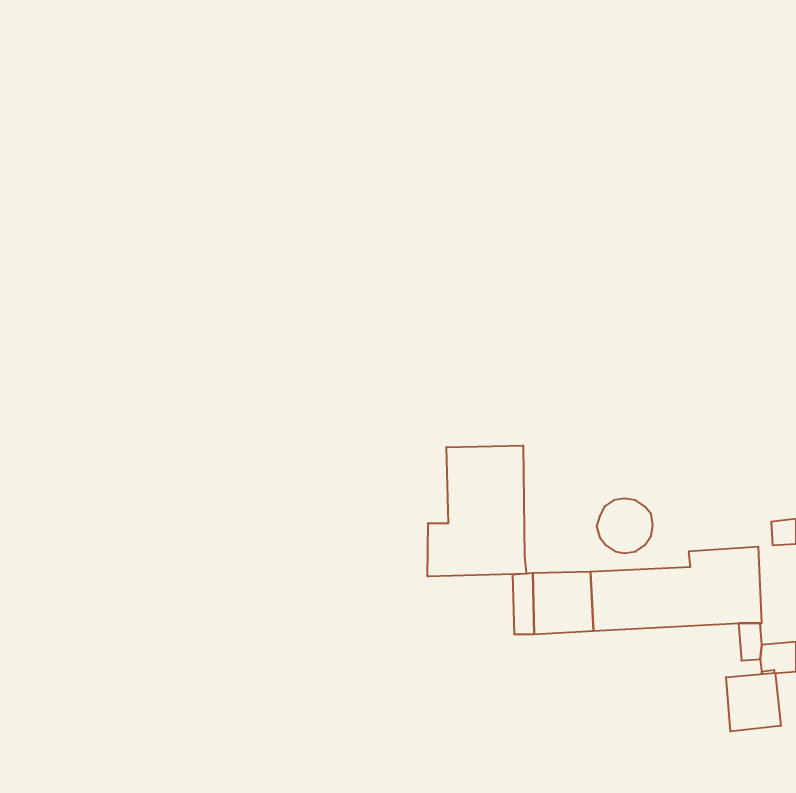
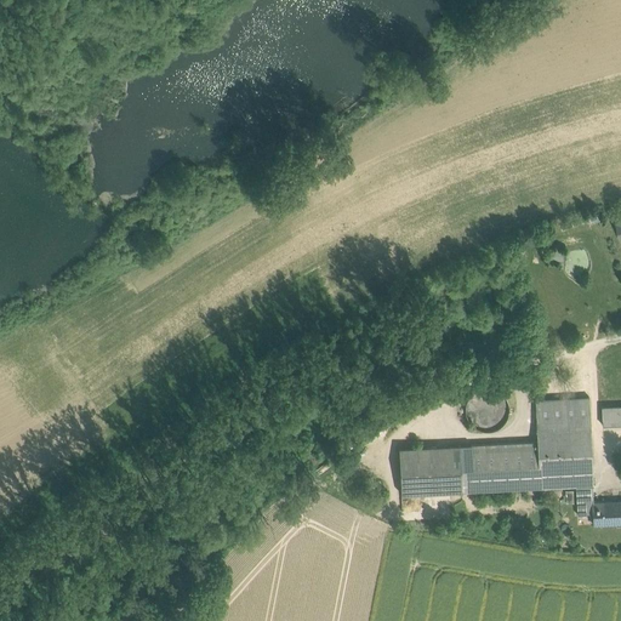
building: [428,445,526,577] -> none
building: none -> [535,399,591,432]
building: [726,673,781,732] -> none

